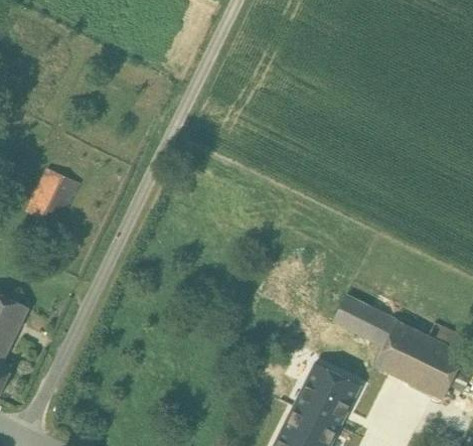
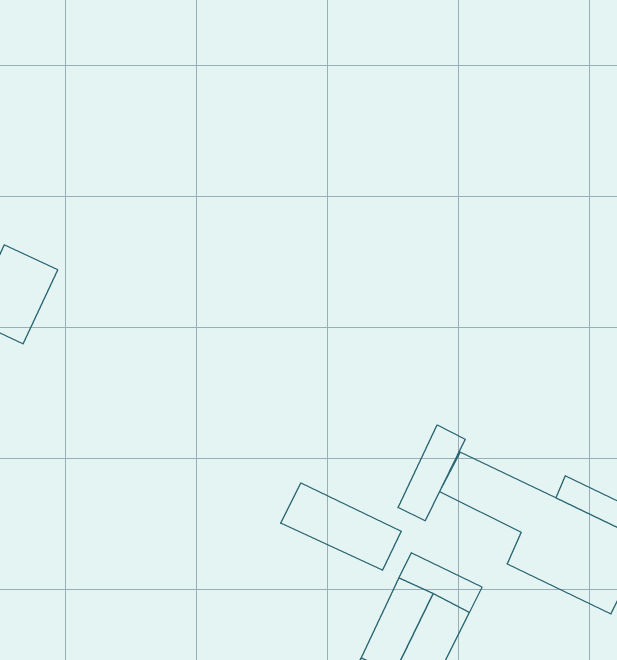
building: none -> [398,425,465,521]
building: none -> [281,483,401,570]

